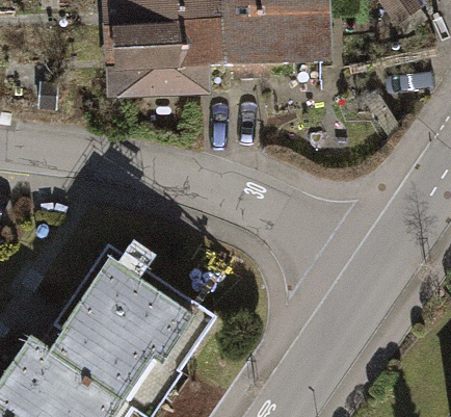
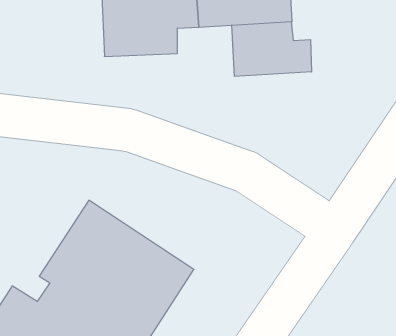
building: none -> [232,22,312,76]

